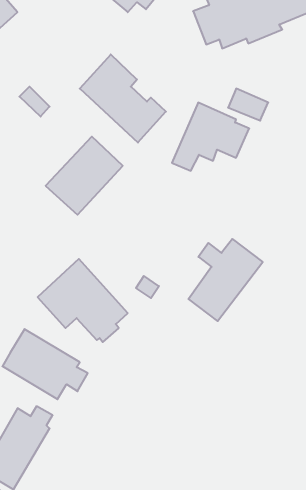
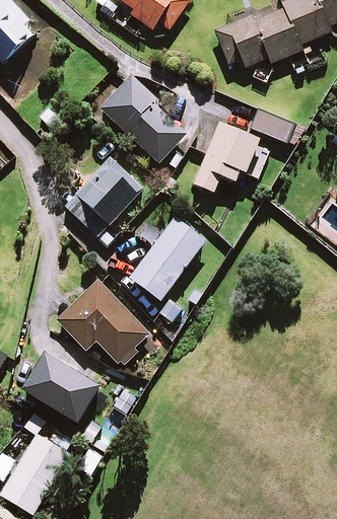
building: [188,239,263,321] -> [130,217,205,300]

